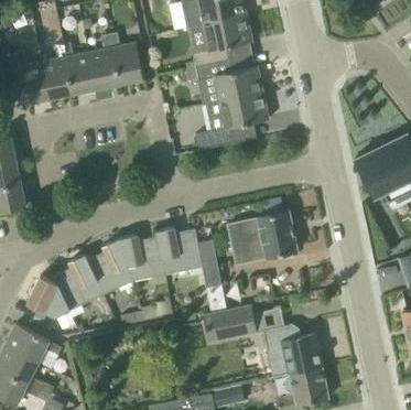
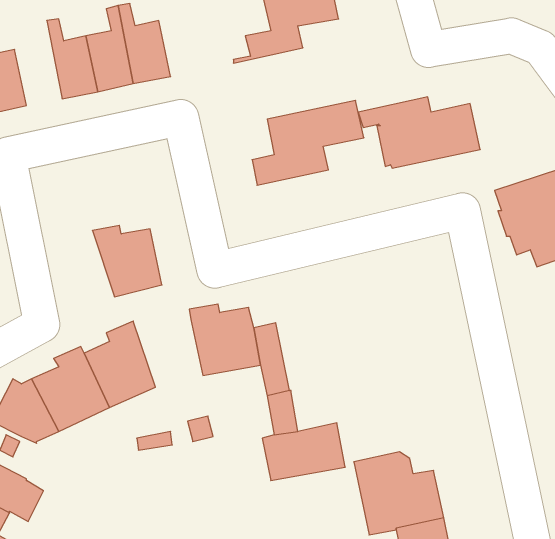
building: [39,43,73,98] -> none
building: [184,61,263,107] -> [358,97,480,168]
building: [240,211,296,261] -> none
building: [119,235,164,281] -> [92,225,162,297]

